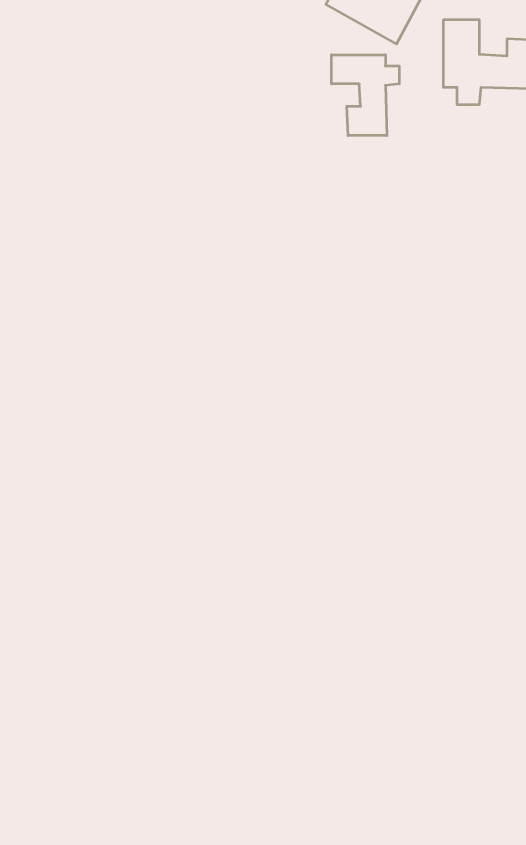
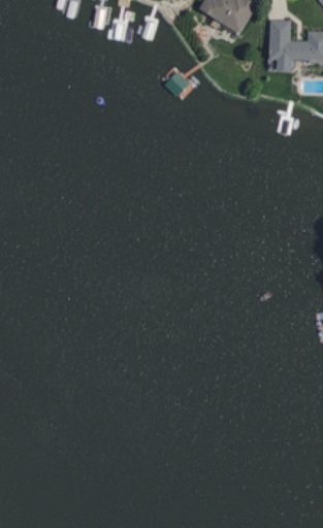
building: [332,55,399,136] -> none

